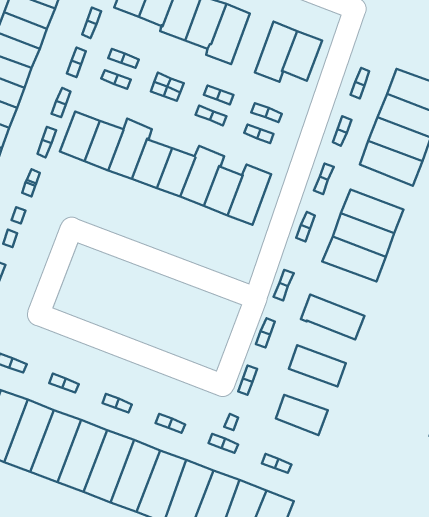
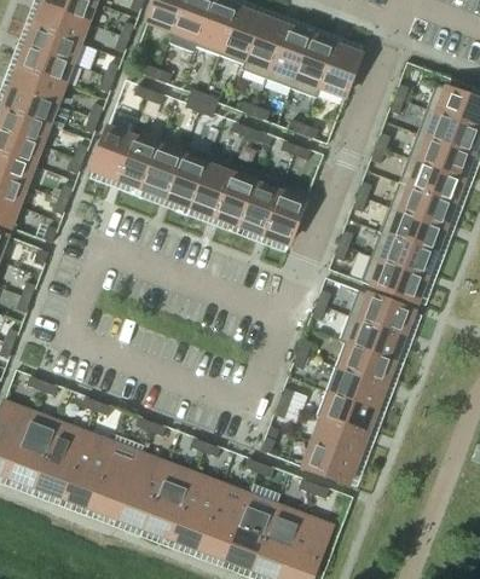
building: none -> [268,27,312,87]
building: none -> [391,181,455,227]
building: none -> [349,289,415,336]
building: none -> [336,341,395,384]
building: none -> [318,390,377,433]
building: none -> [305,441,358,484]

